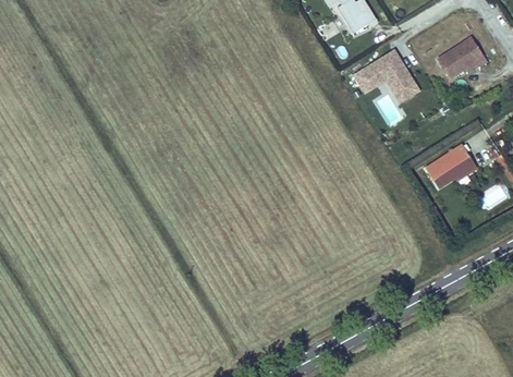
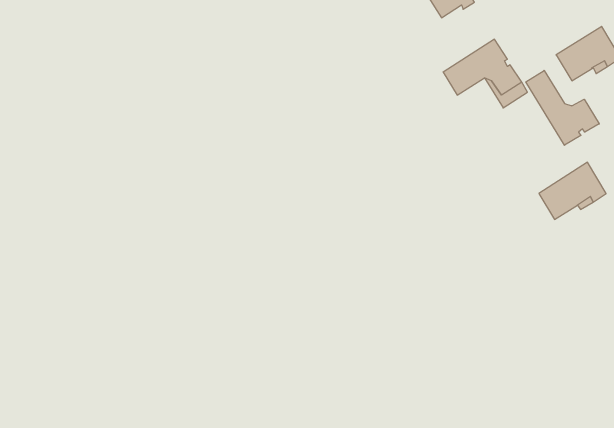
building: none -> [526,70,599,145]

